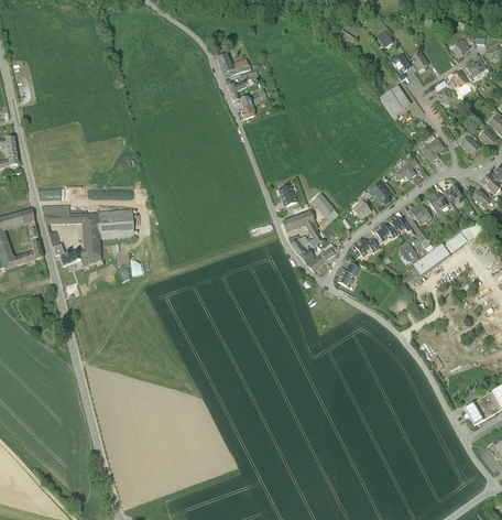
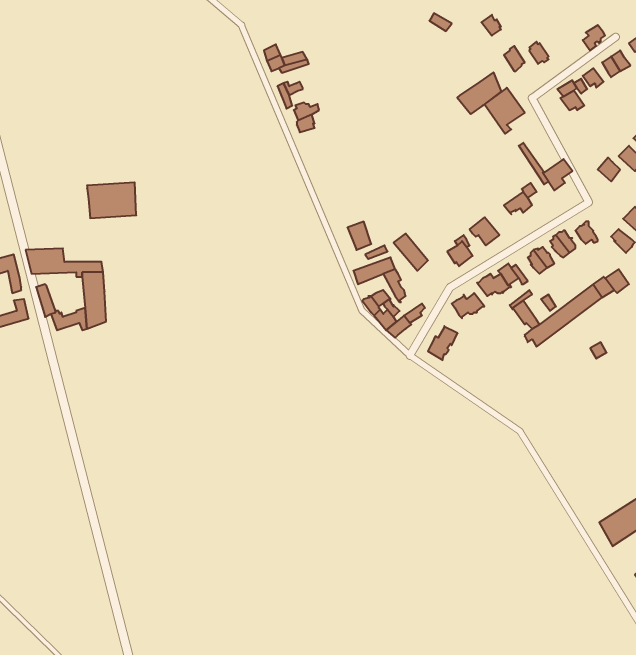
building: none -> [457,72,501,114]
building: [97,210,133,237] -> [87,182,136,218]

